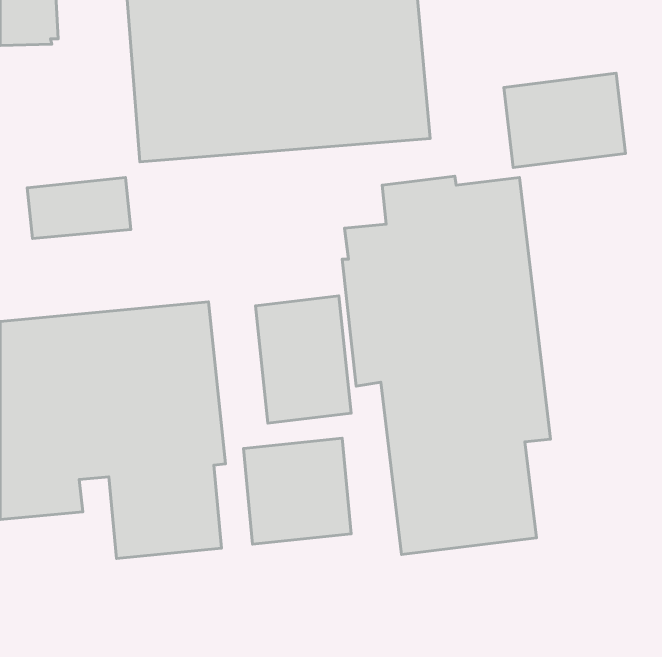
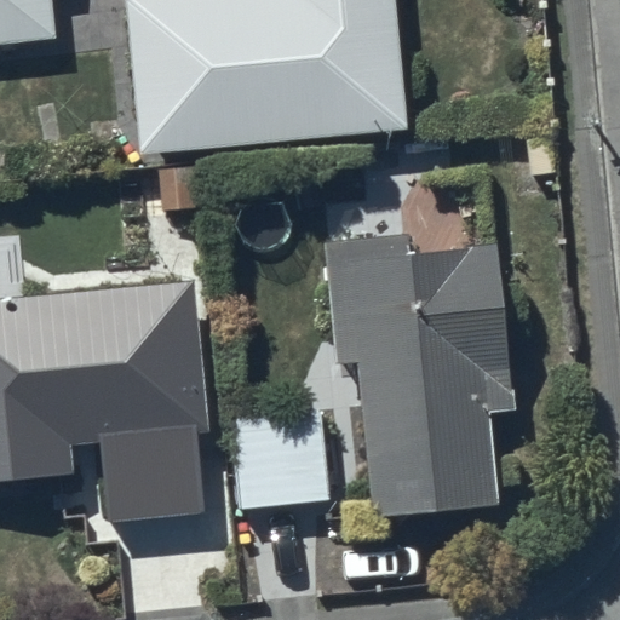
building: [504,73,626,168] -> none
building: [256,296,351,423] -> none

